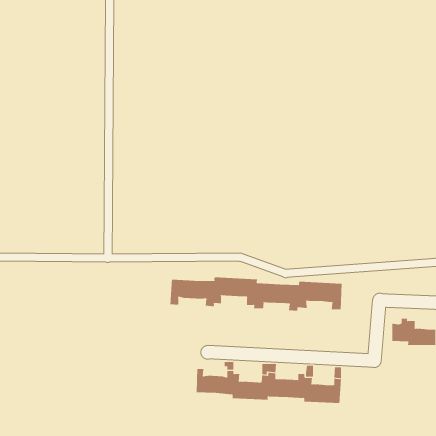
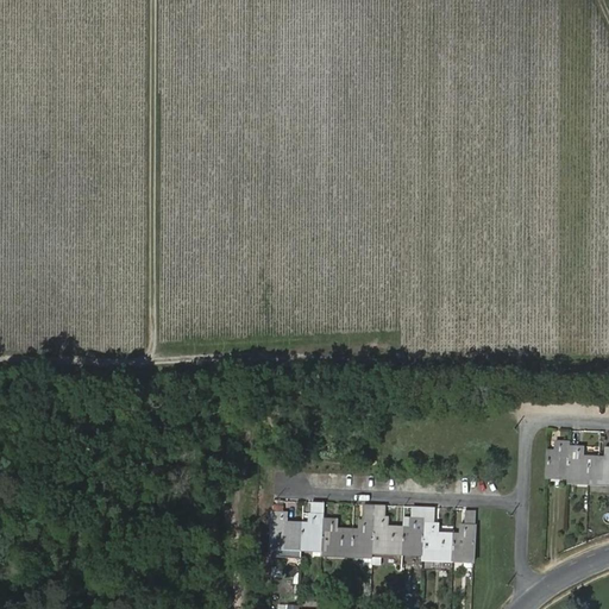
building: [170,277,342,312] -> none

